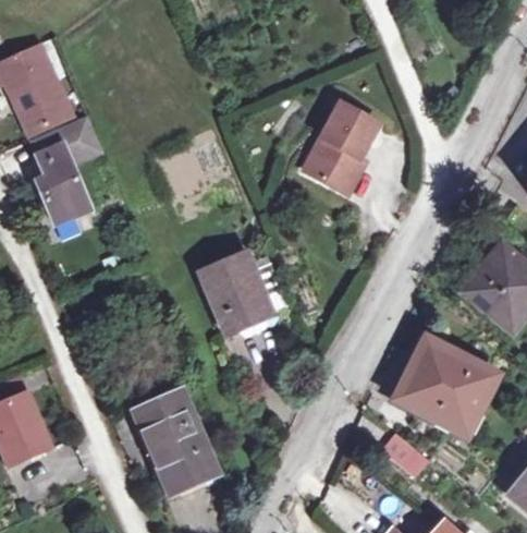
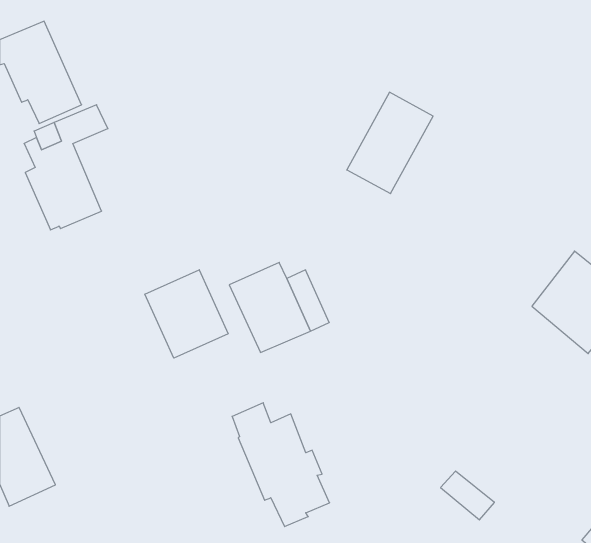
building: none -> [145,270,228,358]
building: [399,342,494,435] -> none
building: [128,381,213,489] -> [232,403,330,527]

